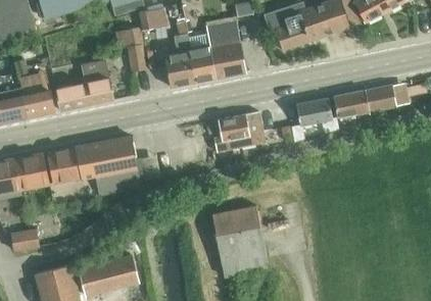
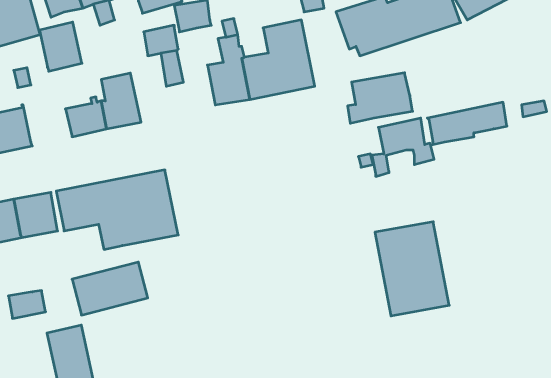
building: [21,81,54,118] -> [40,22,82,71]
building: [214,112,265,151] -> [348,73,413,123]
building: [210,206,268,279] -> [375,222,449,316]
building: [81,251,139,292] -> [72,262,148,315]

